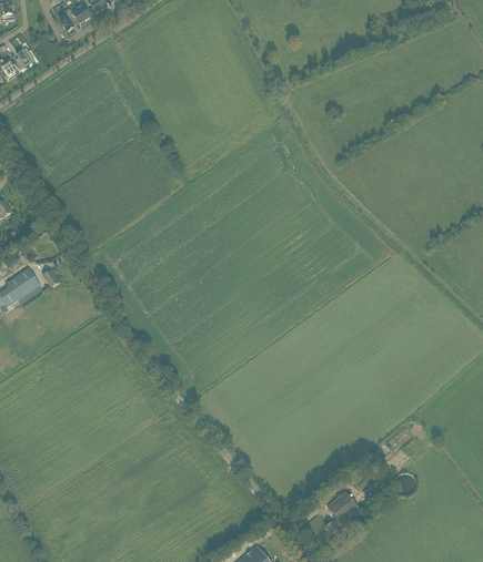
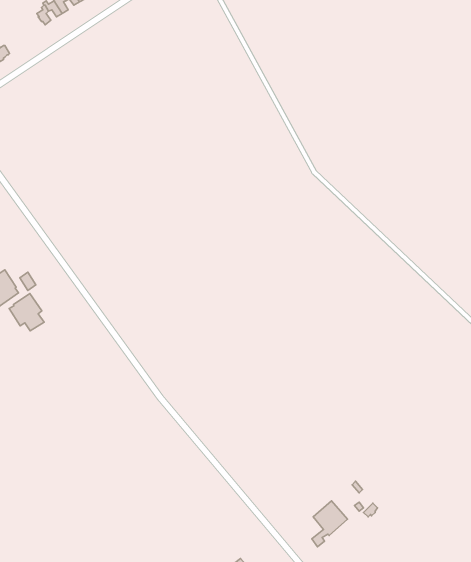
building: none -> [9,293,44,331]

